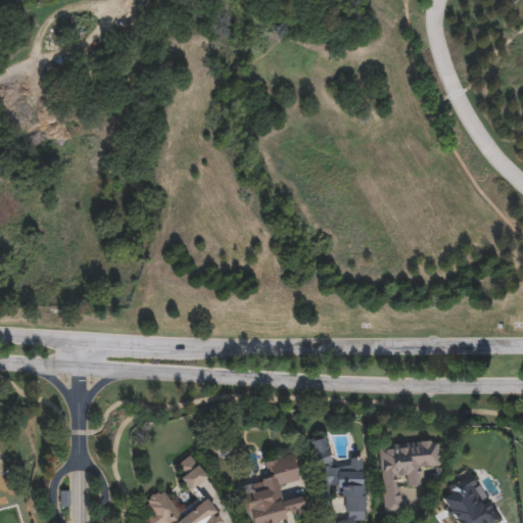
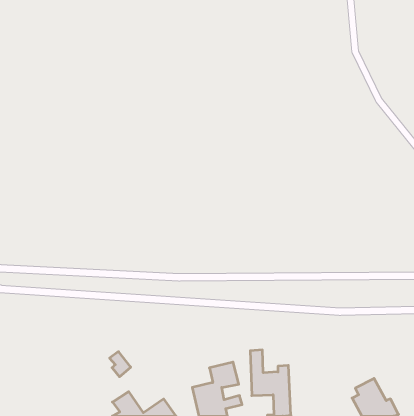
building: [381,440,442,514] -> none
building: [180,459,206,490] -> [110,352,131,377]

